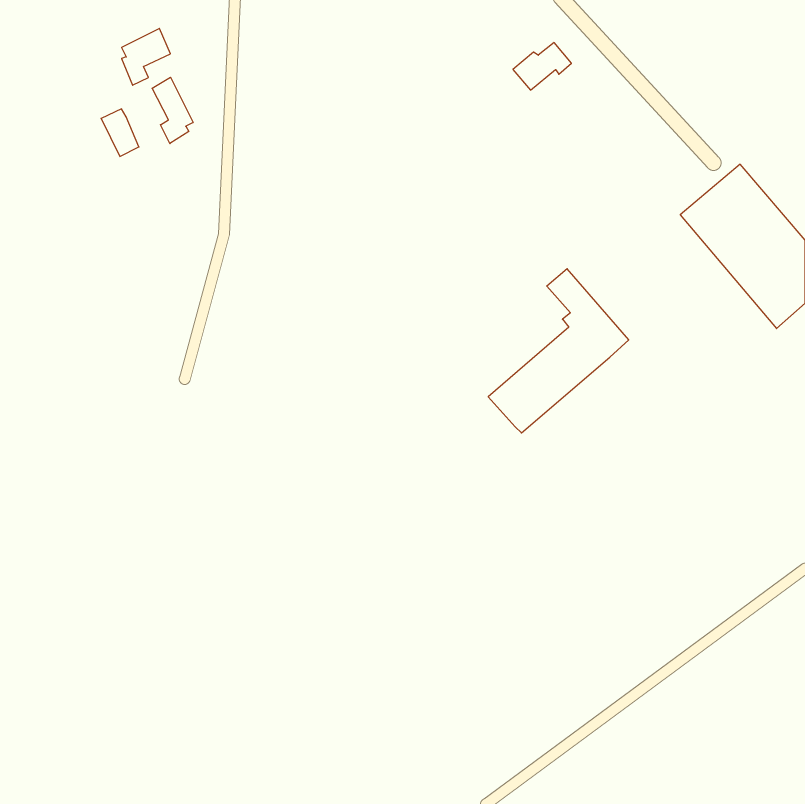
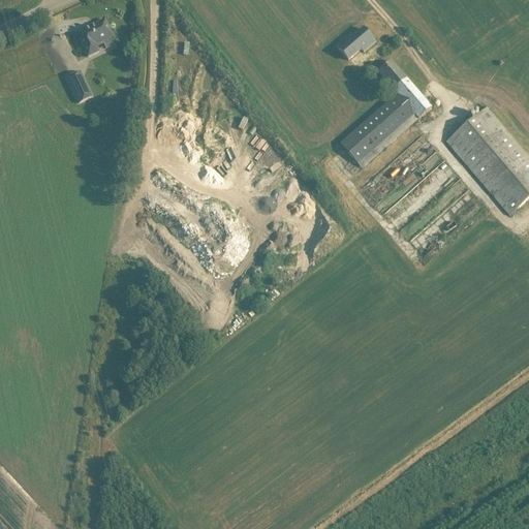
building: [152,77,193,144] -> none
building: [488,269,629,433] -> [339,60,431,167]

